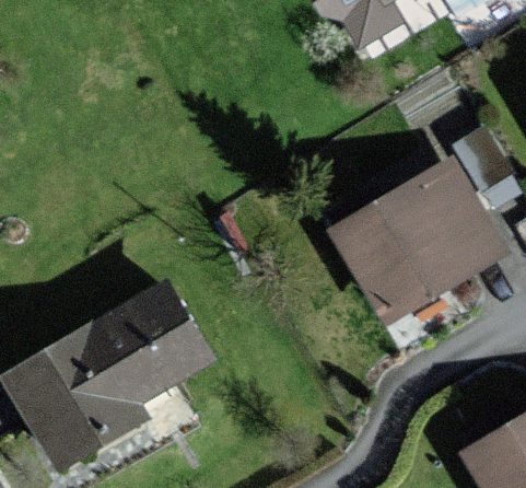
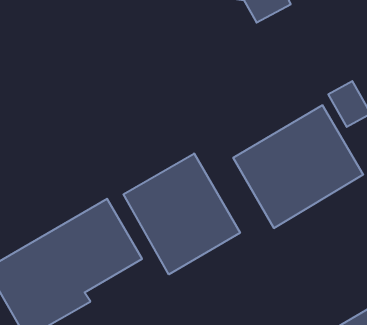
building: none -> [123,153,240,274]

